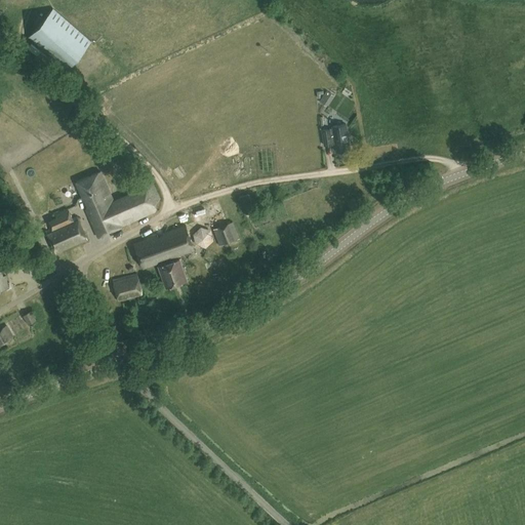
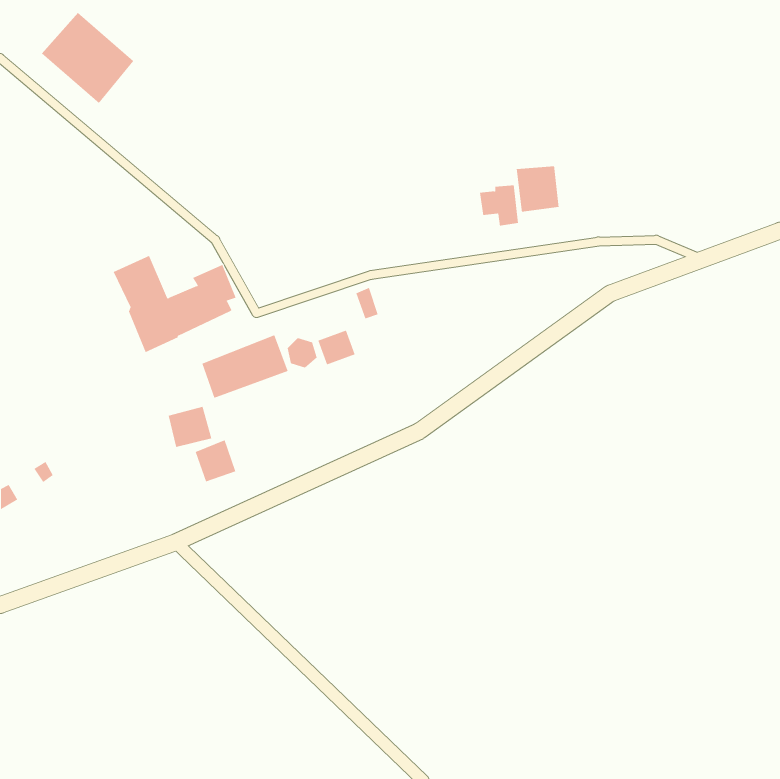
building: none -> [516,165,559,213]
building: [47,218,86,254] -> none
building: [158,259,186,288] -> [195,440,236,482]

